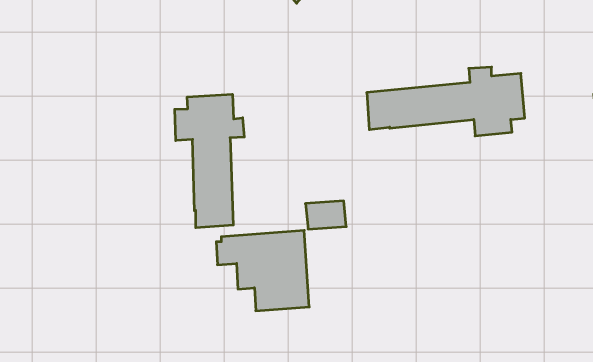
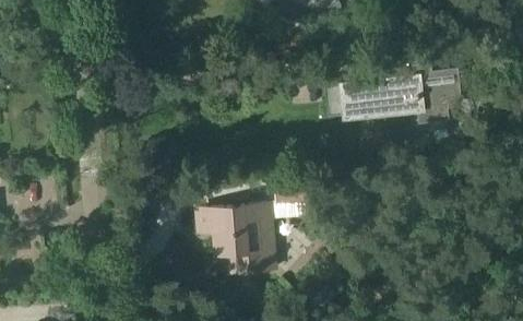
building: [175,94,244,228] -> none

